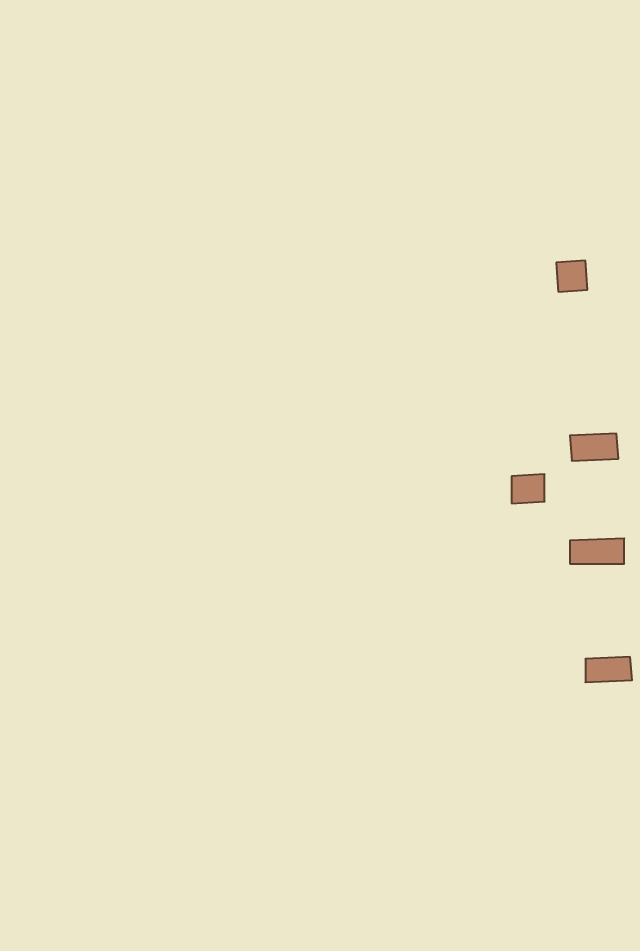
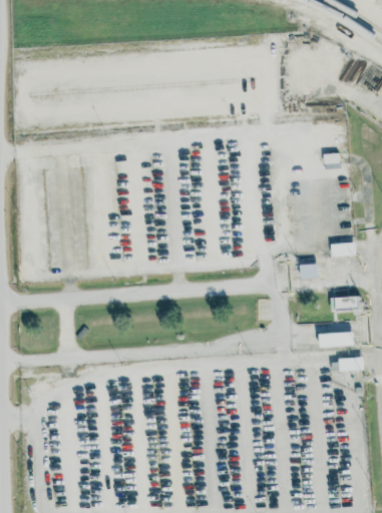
building: none -> [320,331,355,346]

